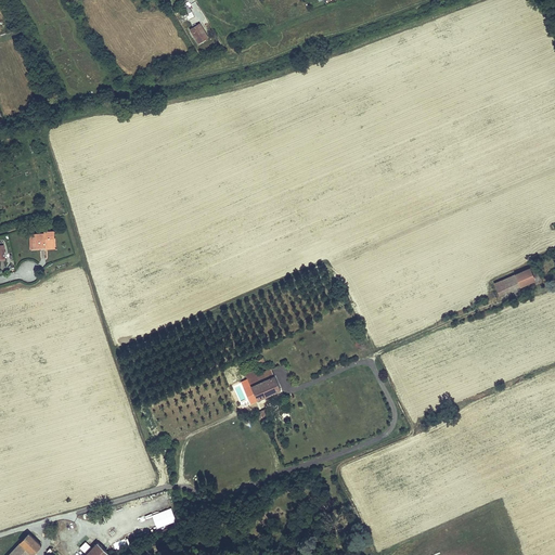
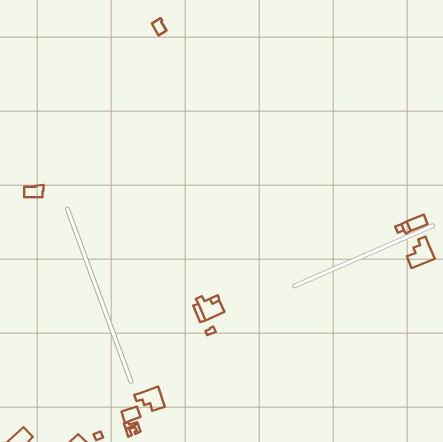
building: none -> [407,236,435,268]
building: none -> [134,386,165,411]

